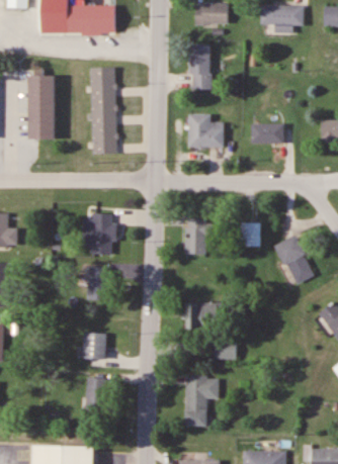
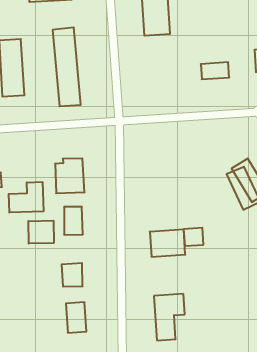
building: [189,106,227,142] -> none
building: [183,223,213,258] -> none
building: [236,225,259,250] -> none
building: none -> [9,182,43,213]
building: none -> [28,221,54,244]
building: [214,345,235,364] -> [184,228,203,246]

